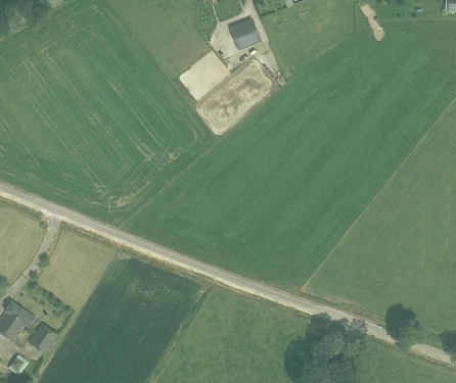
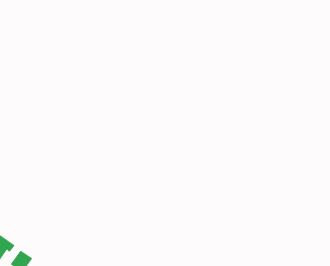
building: [230,20,259,47] -> none

